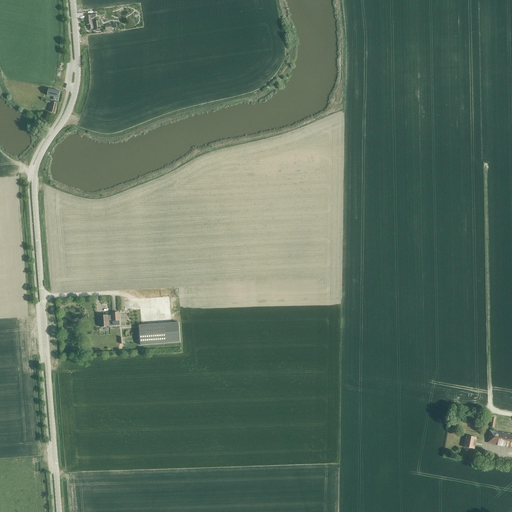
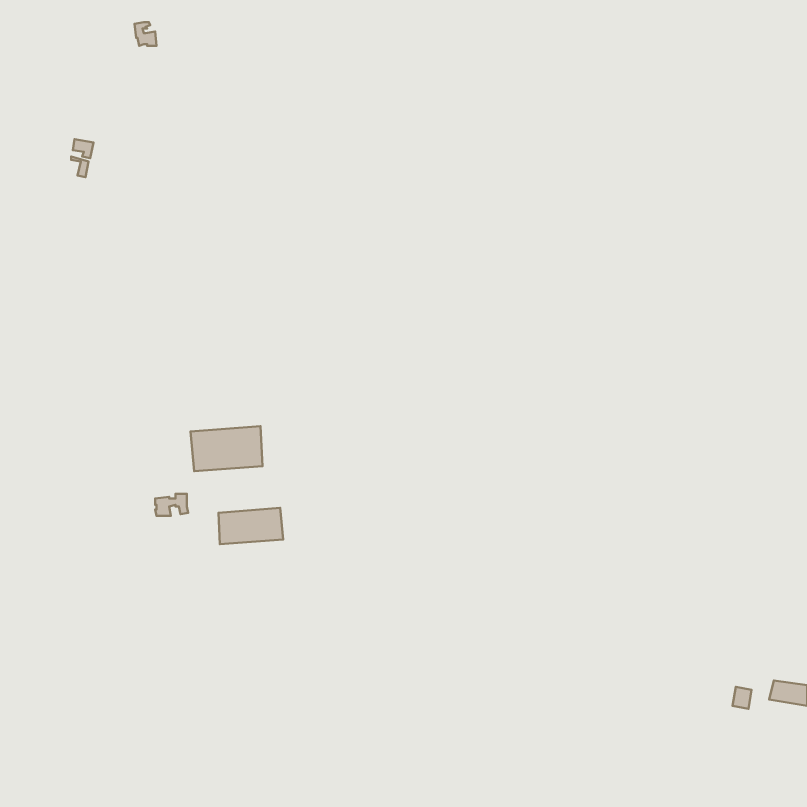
building: none -> [190,426,263,471]

